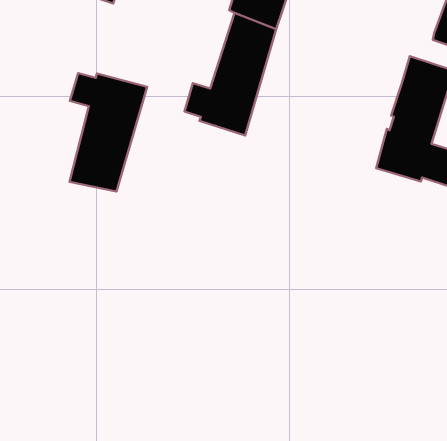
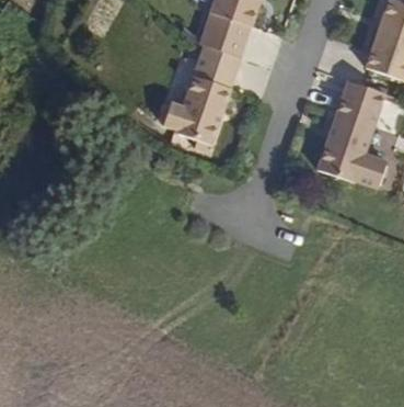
building: [69,73,147,192] -> none

